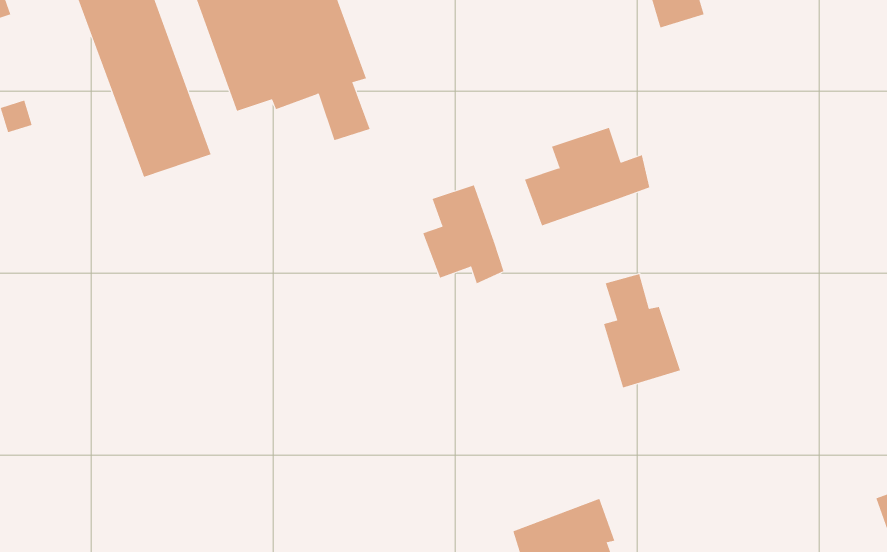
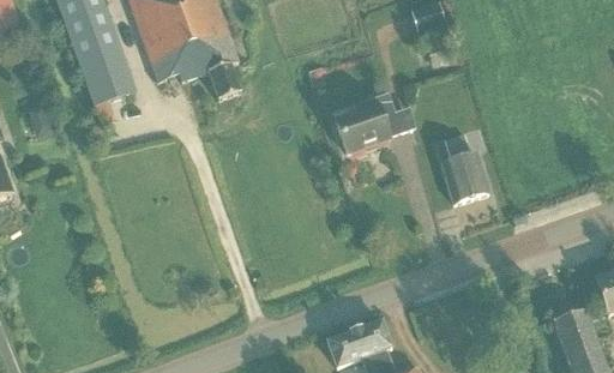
building: [423,185,504,284] -> none
building: [603,274,681,388] -> [440,131,488,201]

